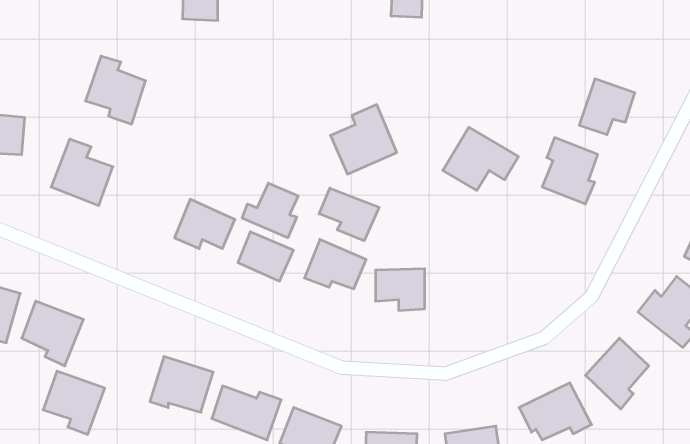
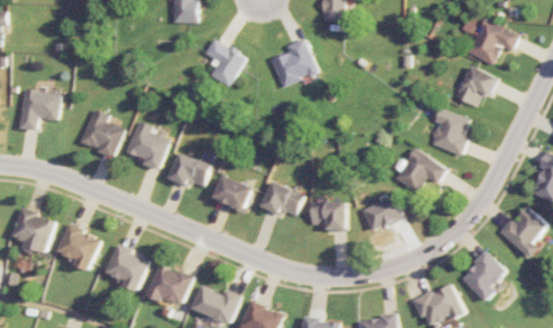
building: none -> [467,19,519,65]
building: none -> [204,39,246,87]
building: [85,56,146,124] -> [124,121,167,170]
building: [330,105,397,174] -> [270,39,317,88]
building: [443,127,518,190] -> [393,148,447,193]
building: [242,183,298,238] -> none
building: [319,188,379,241] -> none
building: none -> [362,197,403,232]
building: [43,371,105,434] -> [105,246,149,292]

